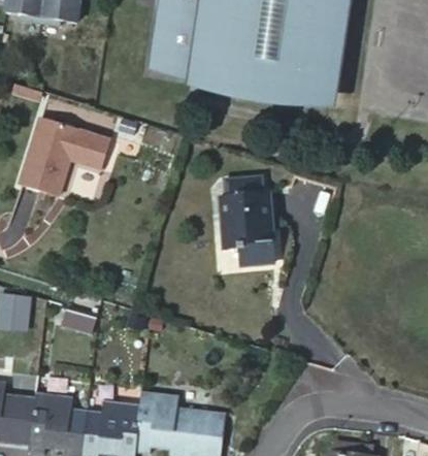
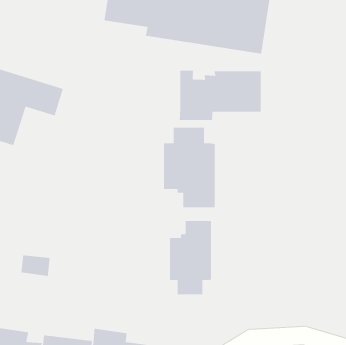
building: none -> [179,70,262,121]
building: none -> [169,220,212,295]

